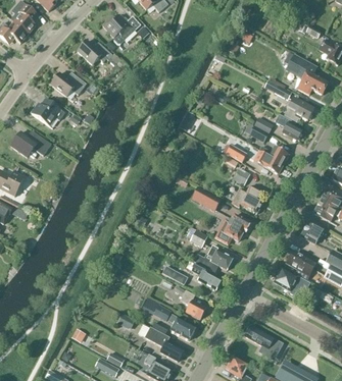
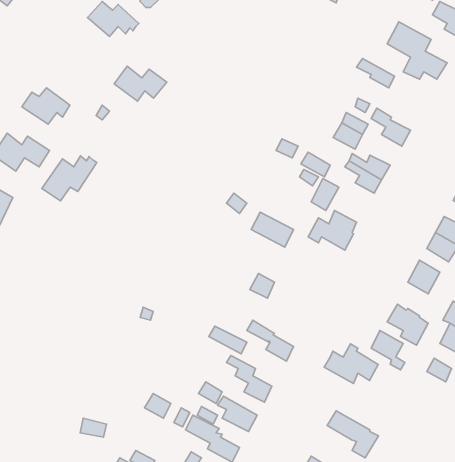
building: [50,72,87,97] -> [114,66,167,101]
building: [284,98,313,121] -> none
building: none -> [42,156,97,201]
building: [213,214,249,246] -> none
building: [194,244,232,272] -> [324,344,378,383]

